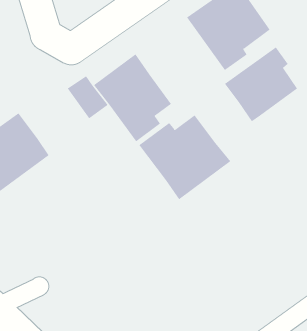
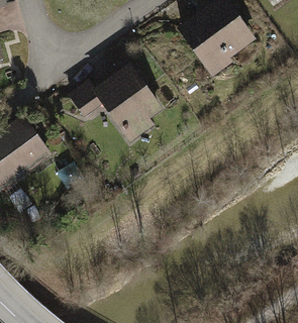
building: [224,46,298,122] -> none
building: [139,114,231,200] -> none

